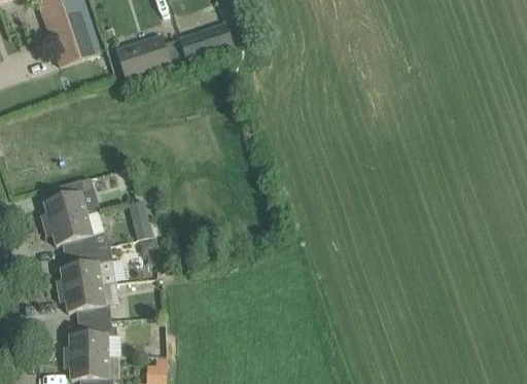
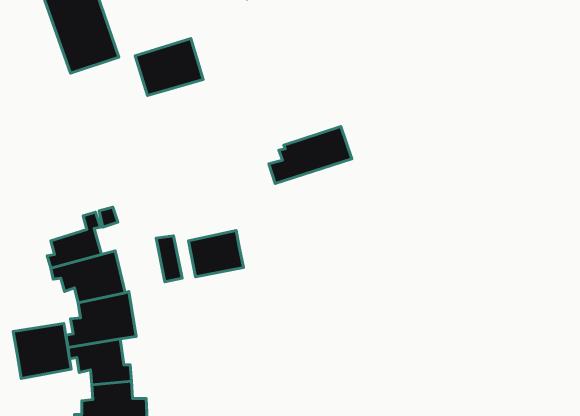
building: [165,22,234,69] -> [269,127,352,184]
building: none -> [189,231,243,277]
building: none -> [13,324,71,378]

